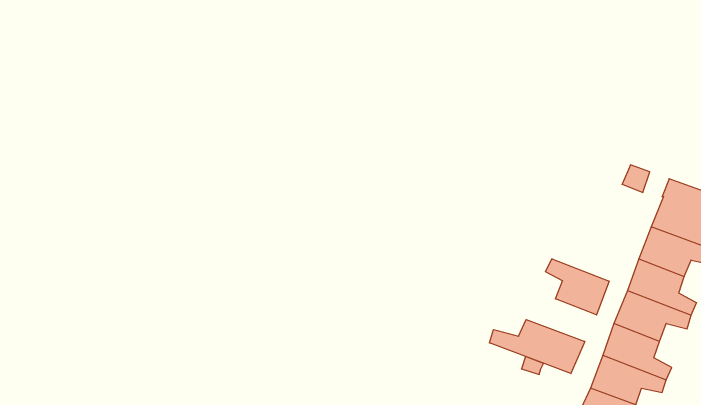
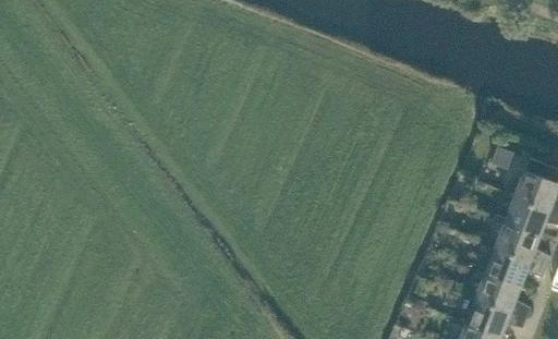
building: [546,259,609,315] -> none
building: [489,320,585,374] -> none

